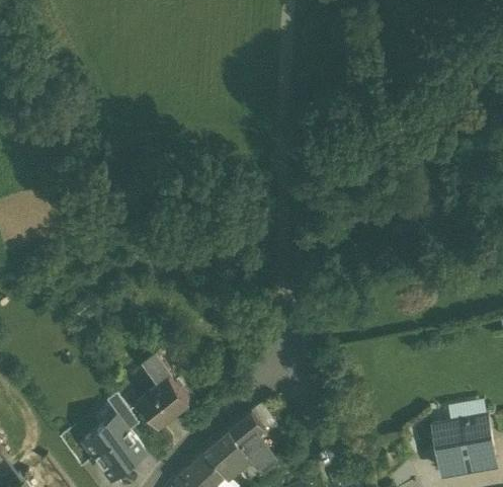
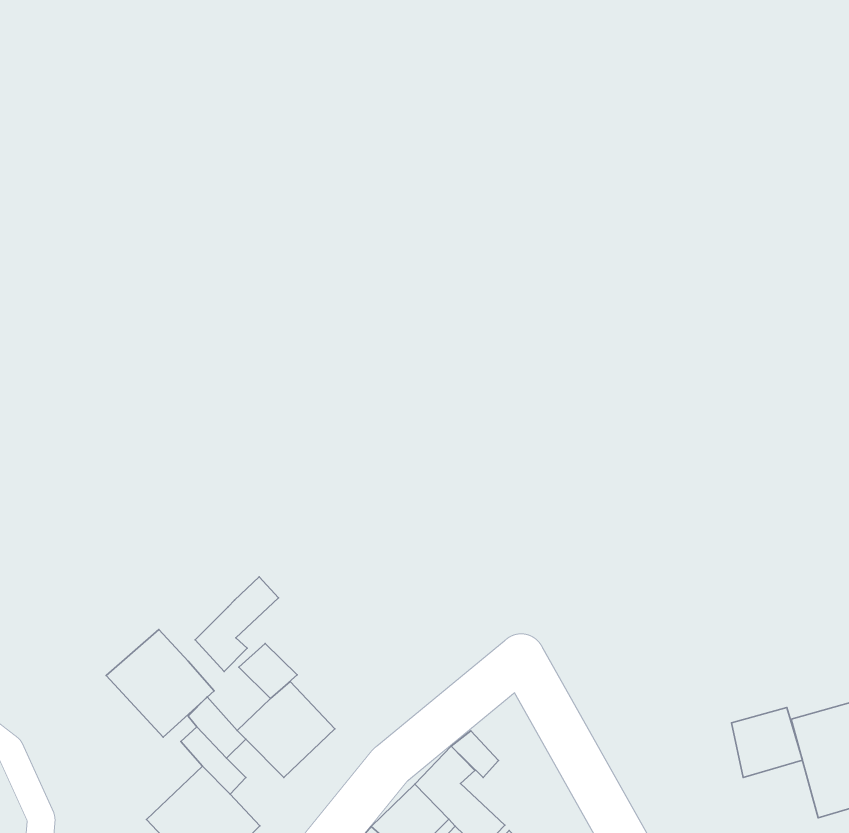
building: none -> [195,577,278,672]
building: none -> [106,629,214,737]
building: none -> [732,708,802,778]

